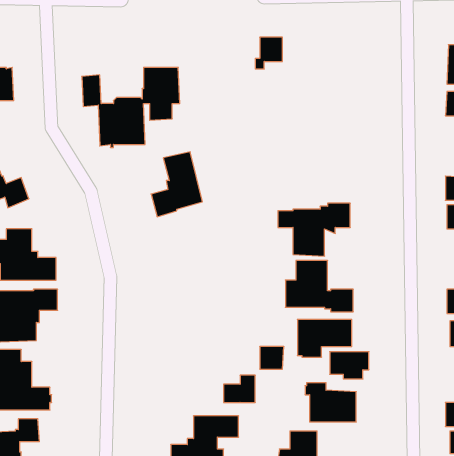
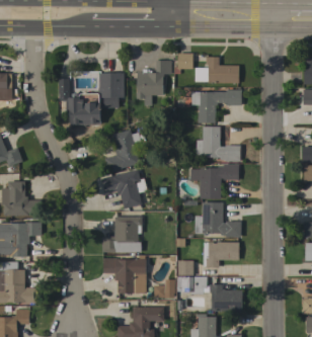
building: none -> [194,57,239,83]
building: none -> [136,60,171,105]
building: none -> [190,89,241,122]
building: none -> [196,127,240,162]
building: none -> [101,169,147,208]
building: none -> [101,217,142,252]
building: none -> [103,258,146,293]
building: [330,352,369,379] -> [180,276,207,294]

